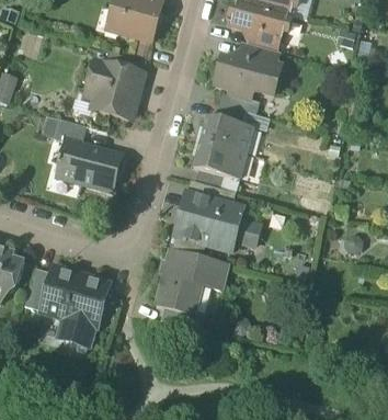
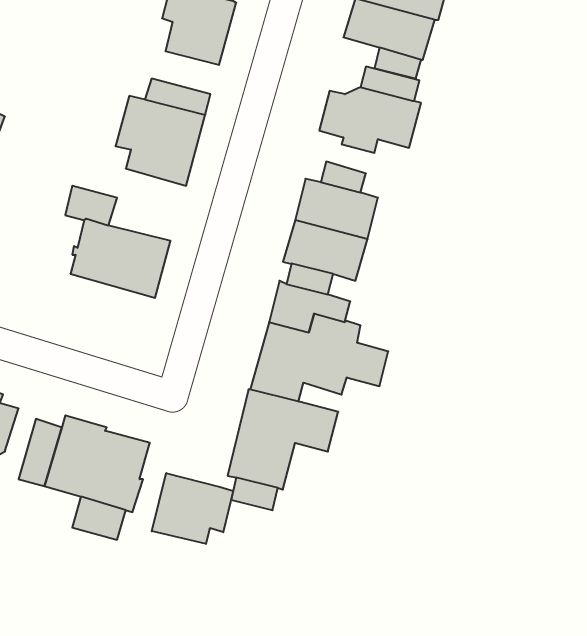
building: none -> [152,473,233,544]

